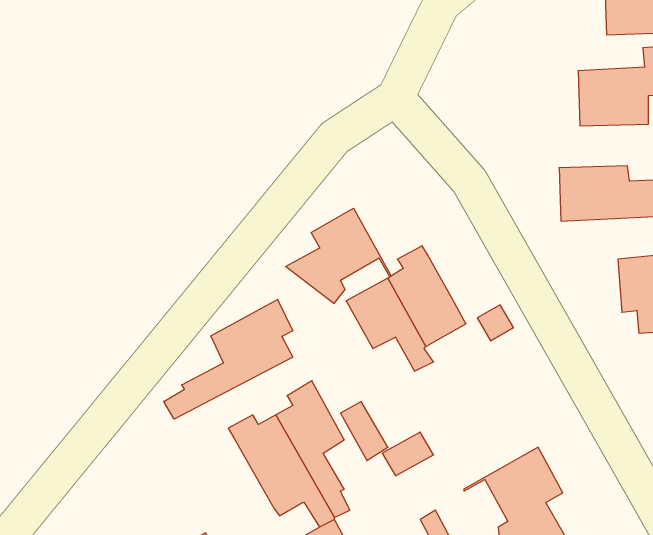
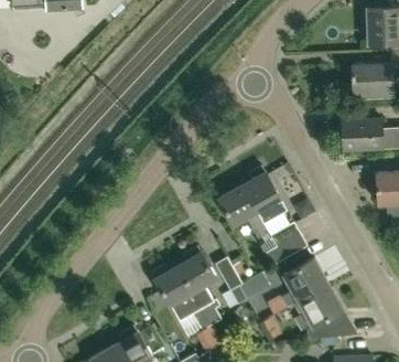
building: [286,208,391,303] -> none
building: [164,299,293,419] -> none
building: none -> [270,222,306,259]
building: none -> [280,257,328,307]

